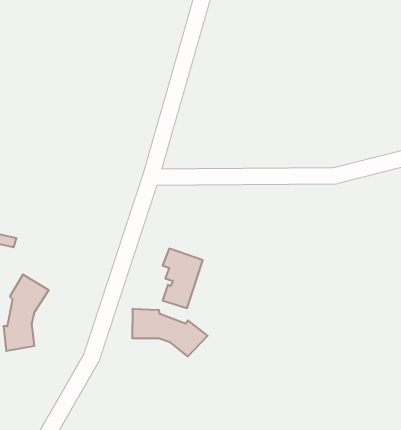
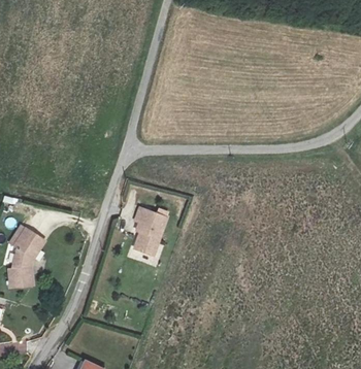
building: [132,309,208,356] -> none

